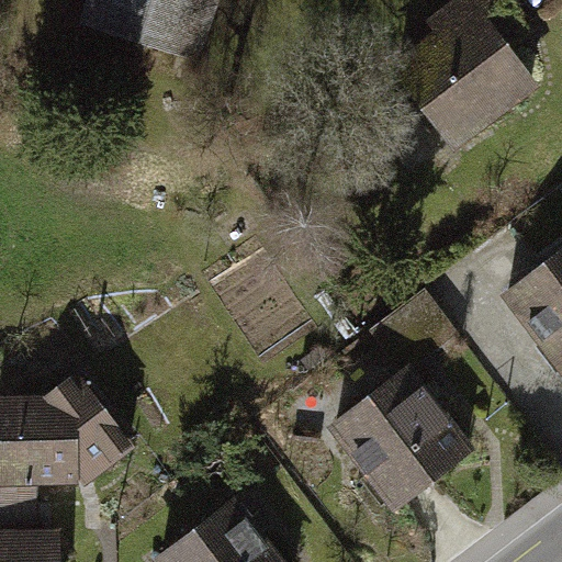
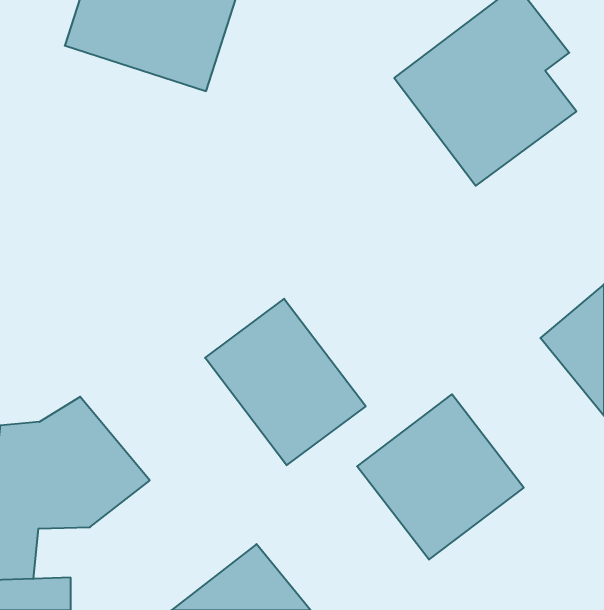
building: none -> [205,299,366,465]

